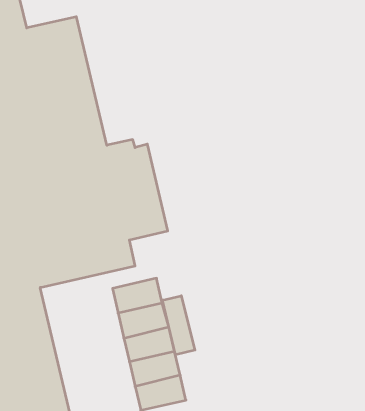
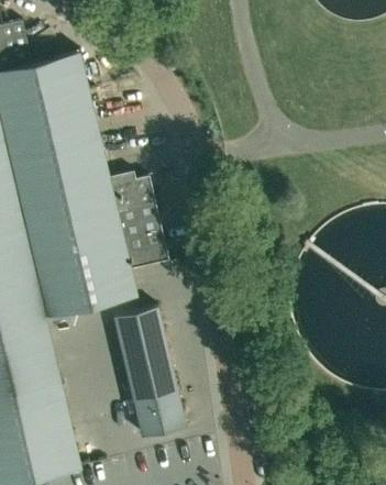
building: [163,296,195,355] -> none

